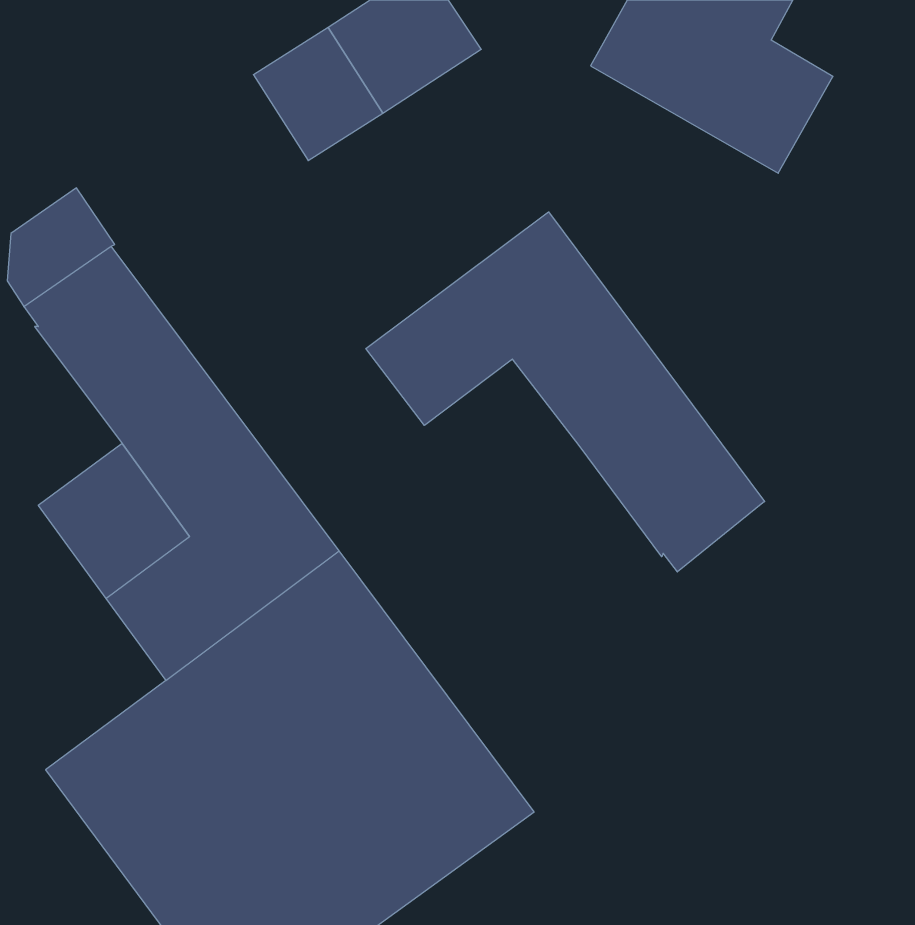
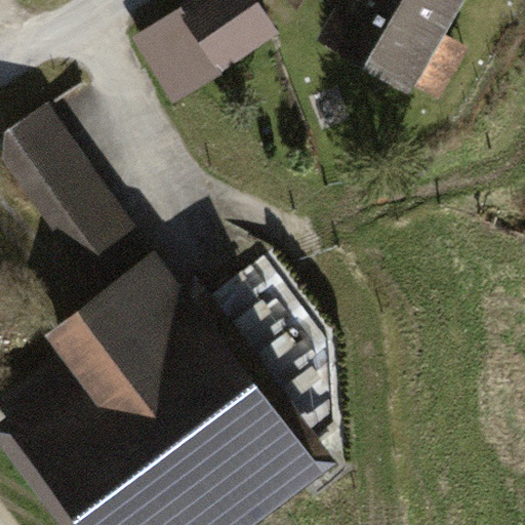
building: [366,212,765,572] -> none

